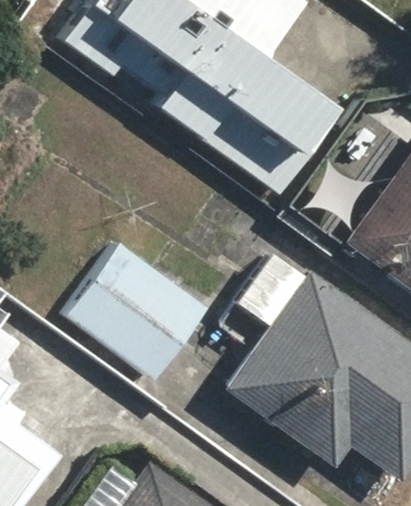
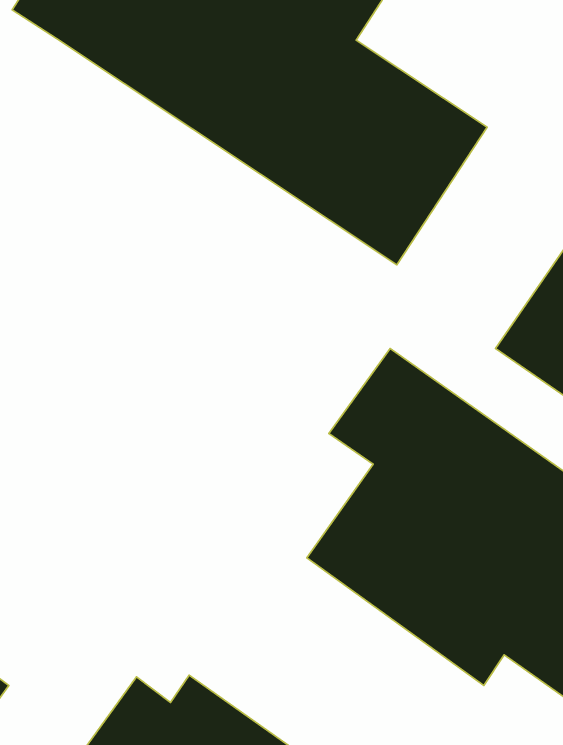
building: [68,239,210,378] -> none

